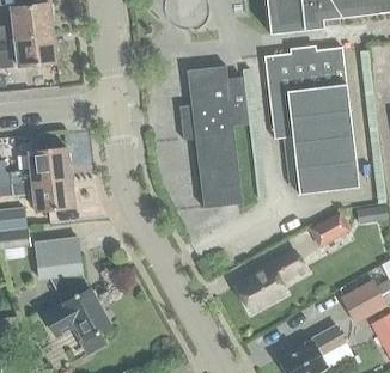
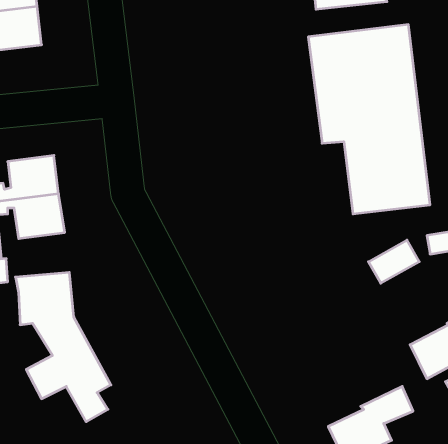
building: [181,67,246,208] -> none
building: [238,249,304,312] -> none

